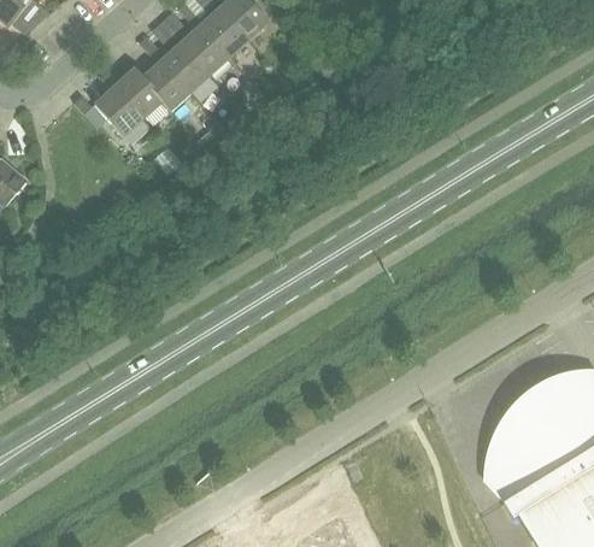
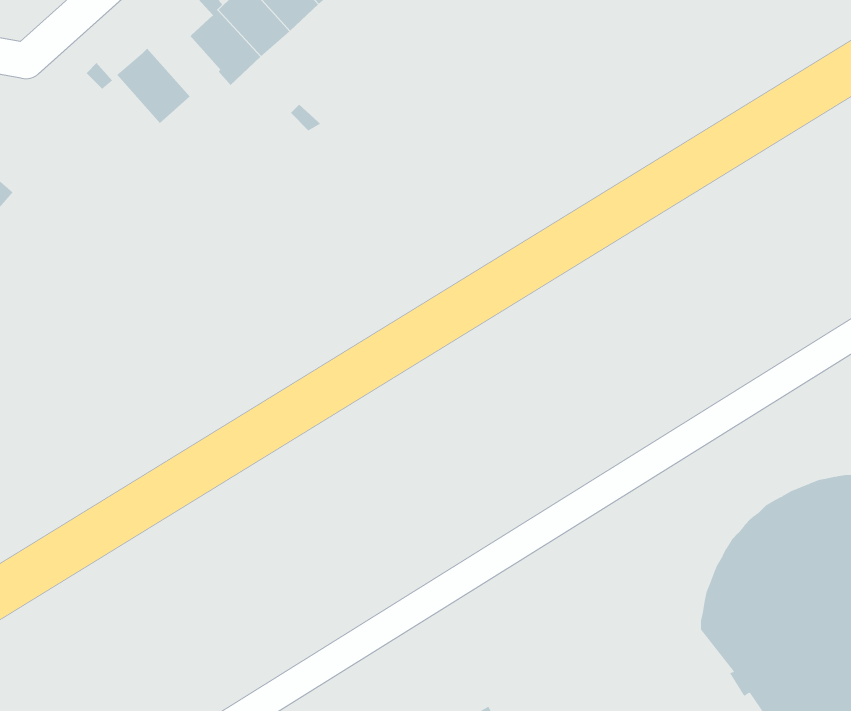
building: [100,67,163,118] -> none

